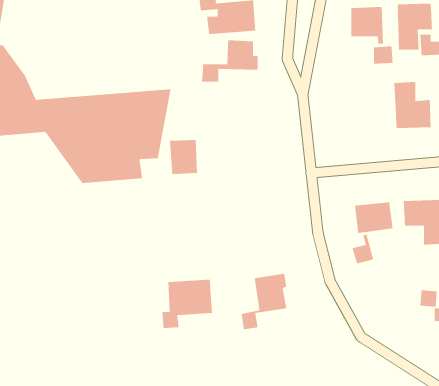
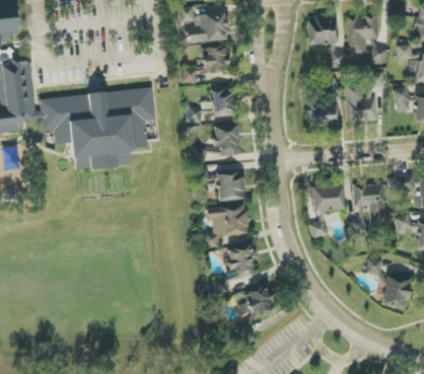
building: none -> [212,87,232,118]
building: none -> [307,105,337,127]
building: [169,139,198,175] -> [213,126,237,156]
building: none -> [216,171,243,202]
building: [162,279,213,329] -> [204,206,248,248]
building: none -> [237,286,275,321]

